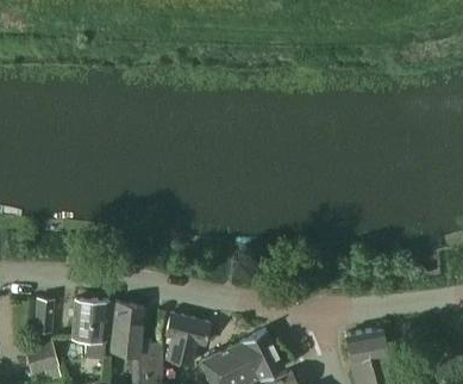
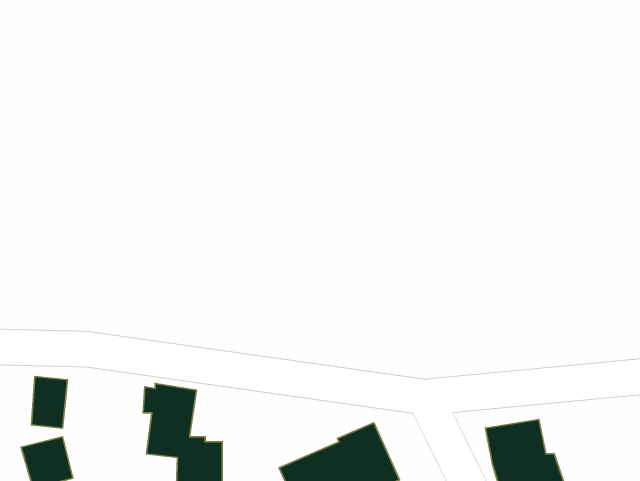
building: [71,302,108,360] -> none
building: [167,314,209,366] -> none

